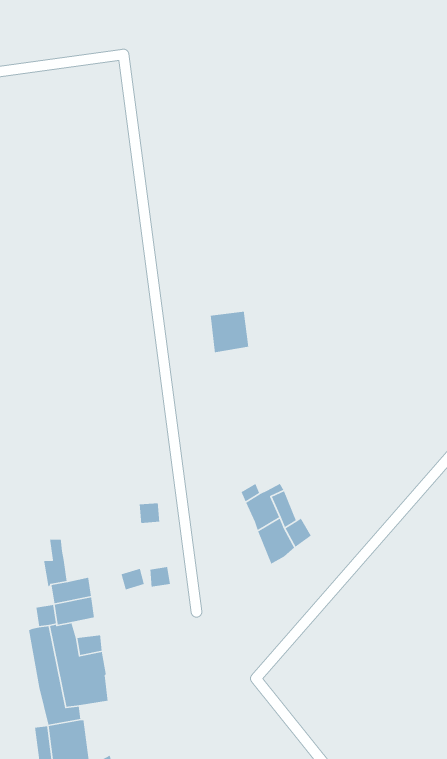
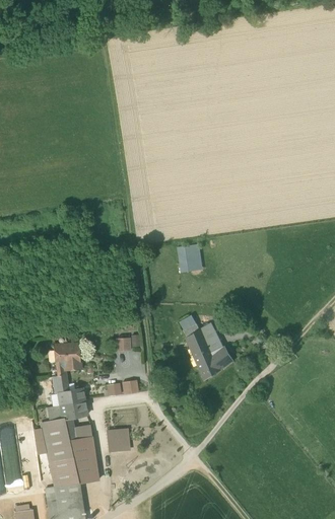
building: [210,311,249,353] -> [177,244,203,273]
building: none -> [53,344,80,370]
building: none -> [107,430,129,451]

